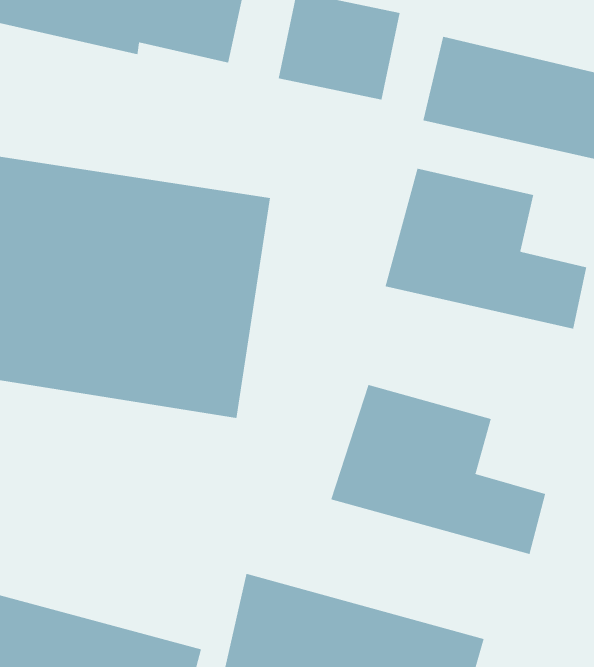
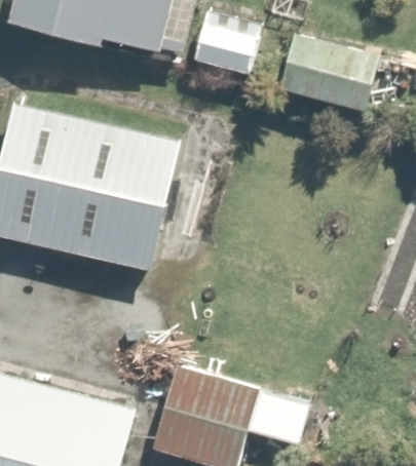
building: [385,168,587,330] -> none
building: [331,384,546,555] -> none

